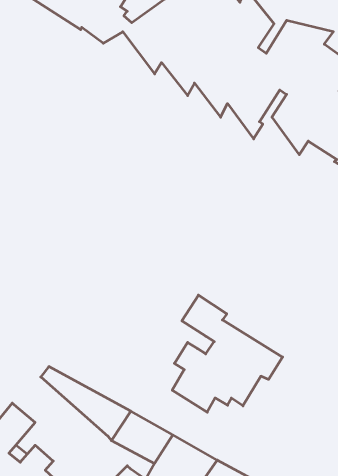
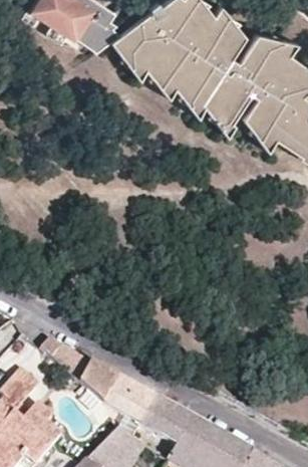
building: [172,295,283,412] -> none

